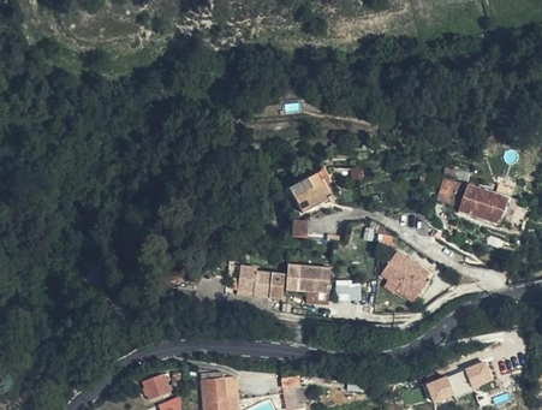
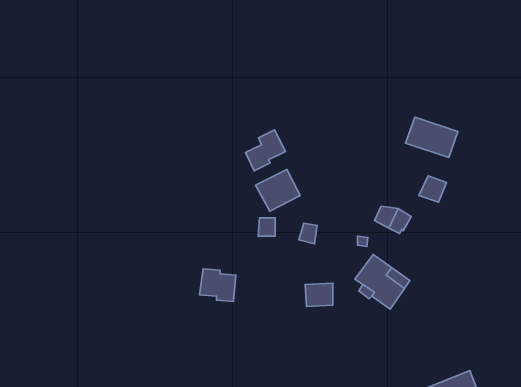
building: none -> [246,130,286,171]
building: [459,185,507,222] -> [406,117,458,158]
building: [287,265,330,292] -> none

